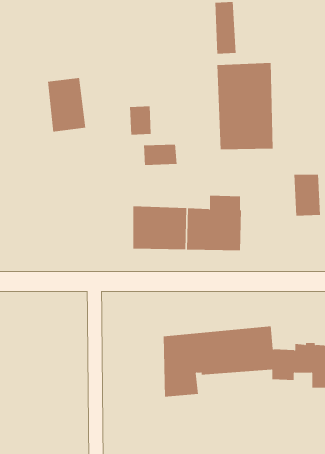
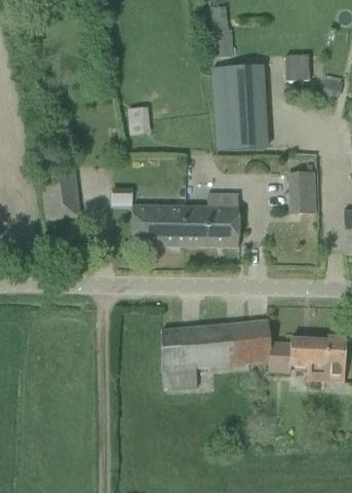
building: none -> [285,54,310,80]
building: [47,77,86,132] -> [41,166,79,220]
building: [144,144,177,166] -> none

